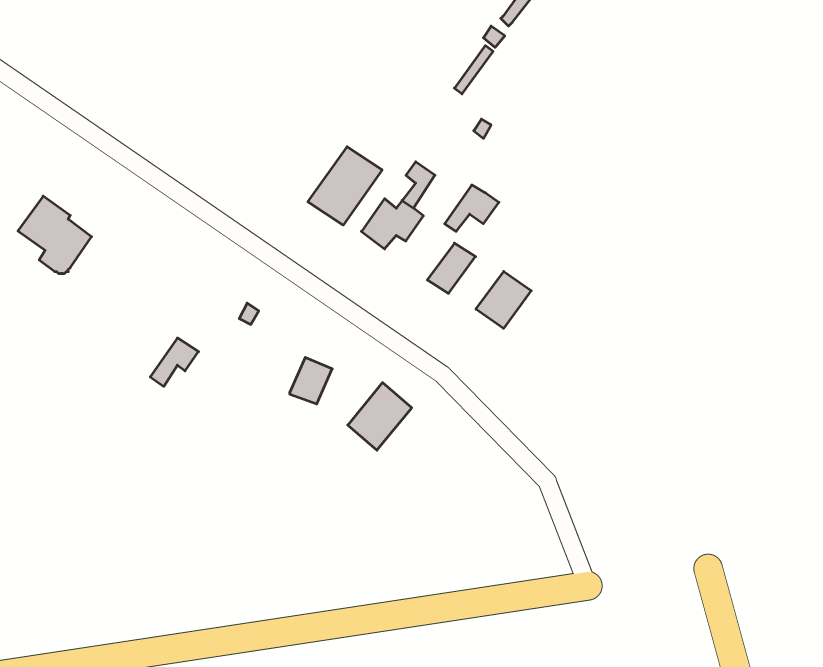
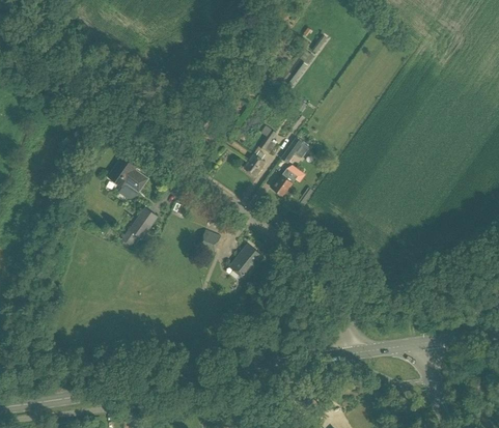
building: [308,147,382,225] -> none
building: [18,196,92,273] -> [108,158,147,199]
building: [476,271,531,328] -> none

